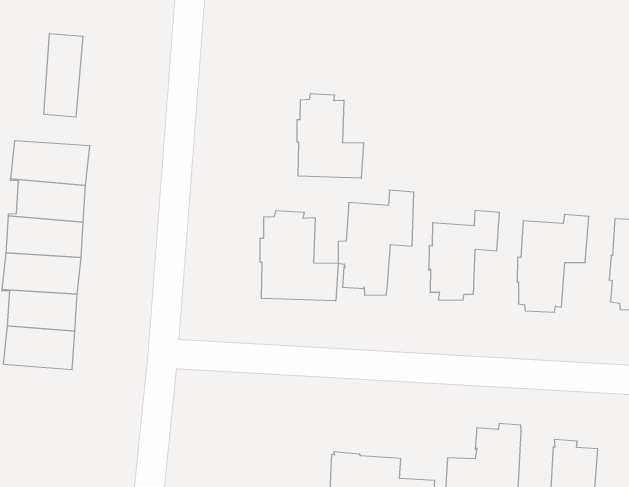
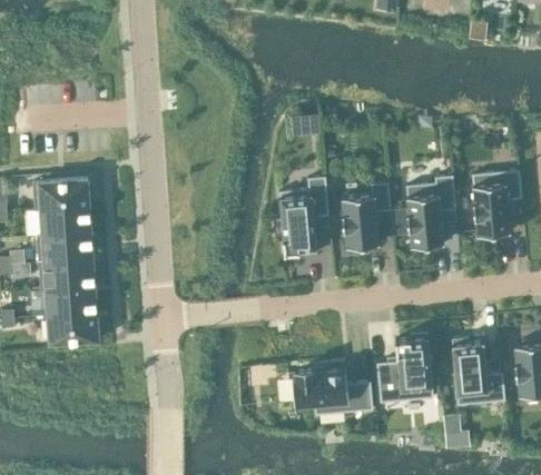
building: [44,33,83,117] -> none
building: [297,93,363,178] -> none
building: [260,210,338,301] -> none

